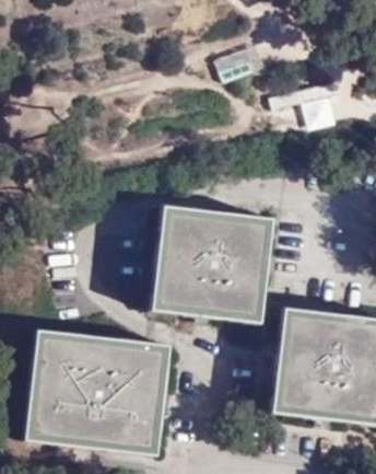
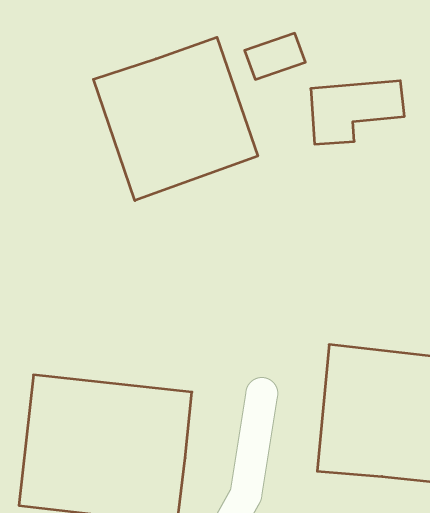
building: none -> [93,37,258,201]
building: [151,204,270,321] -> none

